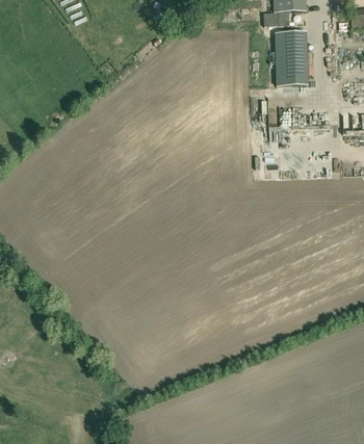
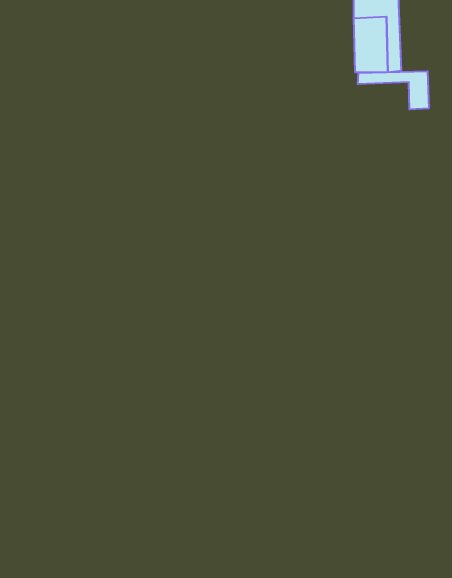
building: none -> [358,71,429,110]

